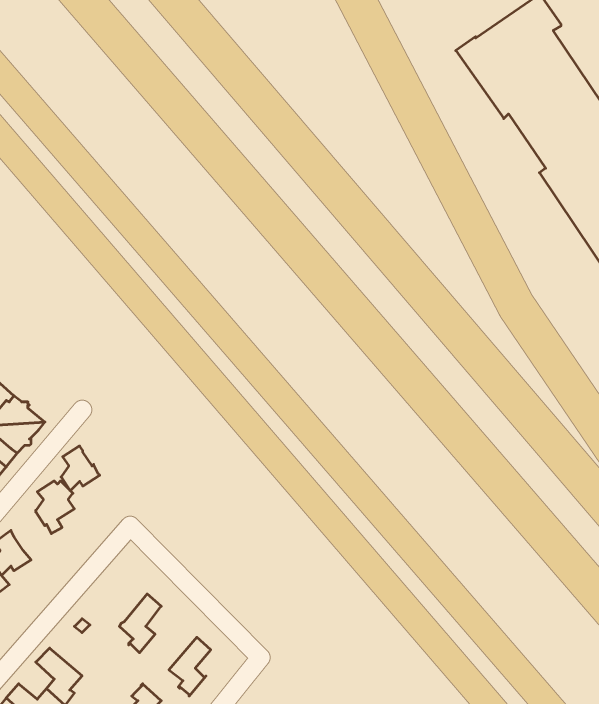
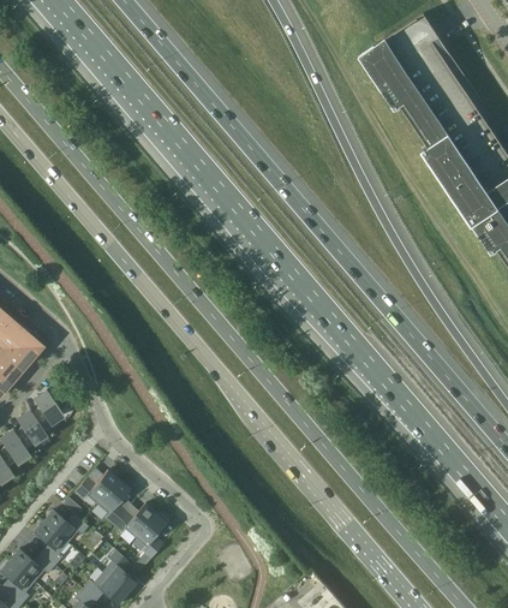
building: [61,446,100,491] -> [16,411,46,446]
building: none -> [73,470,119,505]
building: none -> [113,503,157,538]
building: none -> [43,509,88,543]

